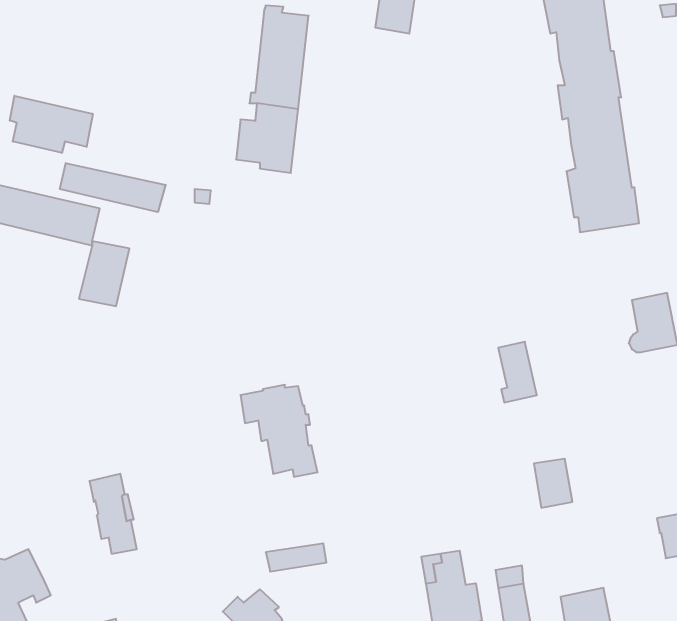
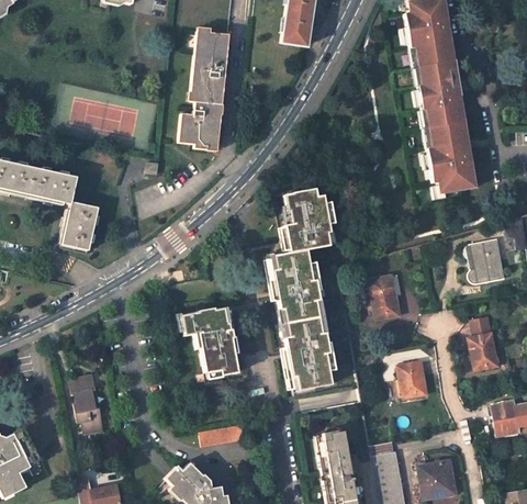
building: [10,96,93,153] -> none
building: [60,163,166,212] -> none
building: none -> [272,189,332,390]
building: none -> [468,318,500,371]

